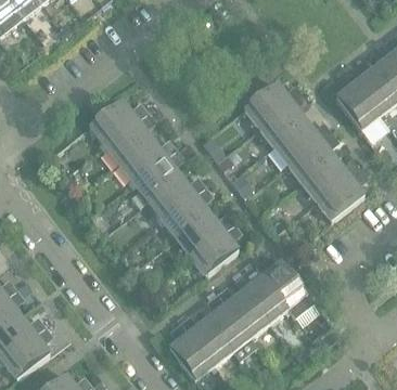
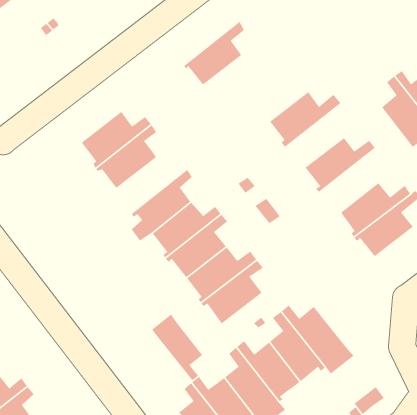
building: [257,93,308,146] -> [183,21,245,85]
building: [285,130,337,183] -> none
building: [118,138,176,184] -> none
building: none -> [151,313,203,381]

